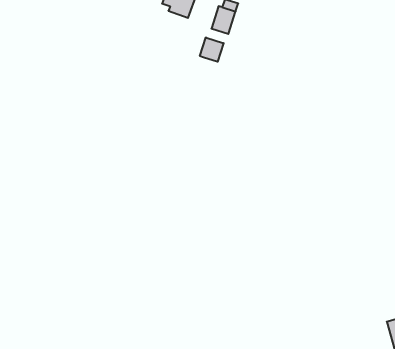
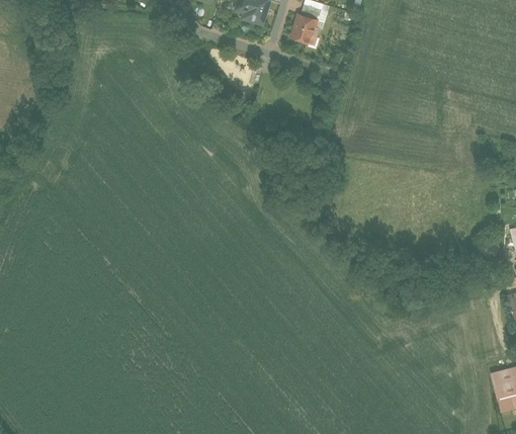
building: [200,37,224,62] -> none

